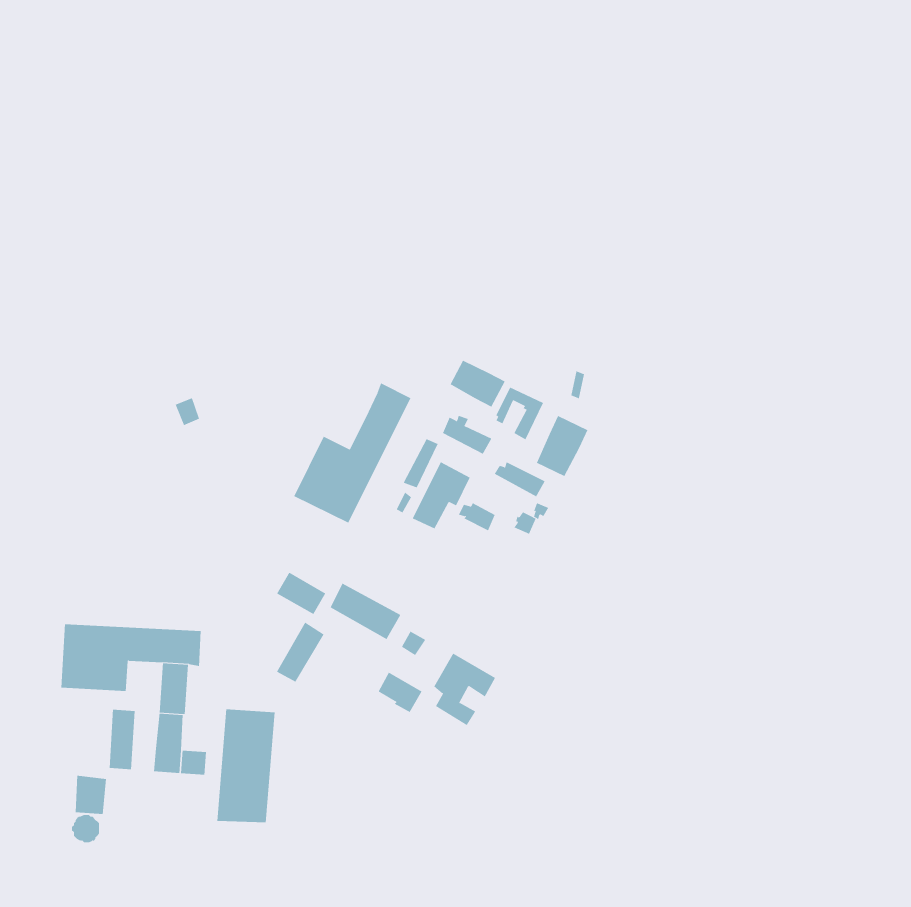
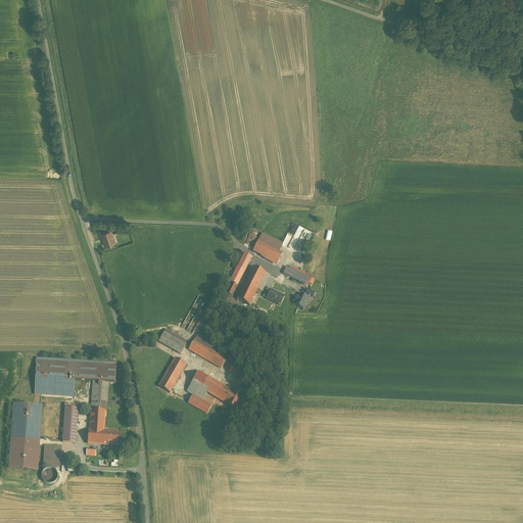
building: [450,360,506,408] -> none
building: [293,383,411,524] -> none
building: [536,415,588,477] -> none
building: [433,653,496,726] -> [187,371,223,413]
building: [217,709,275,823] -> [8,403,42,469]

